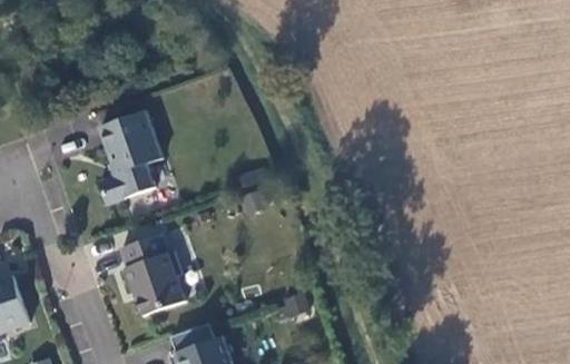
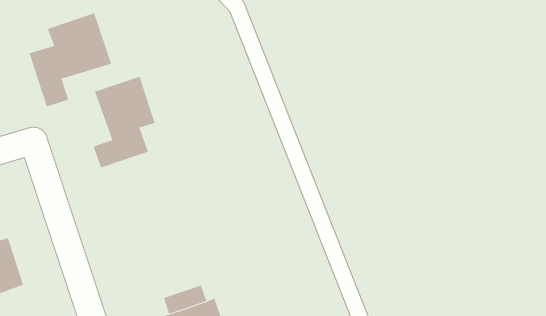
building: none -> [29,12,112,107]
building: [119,235,185,317] -> none

